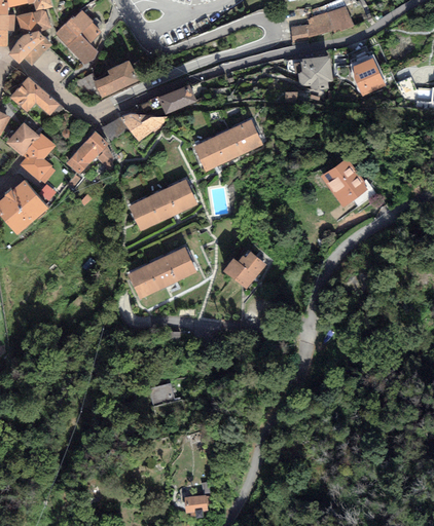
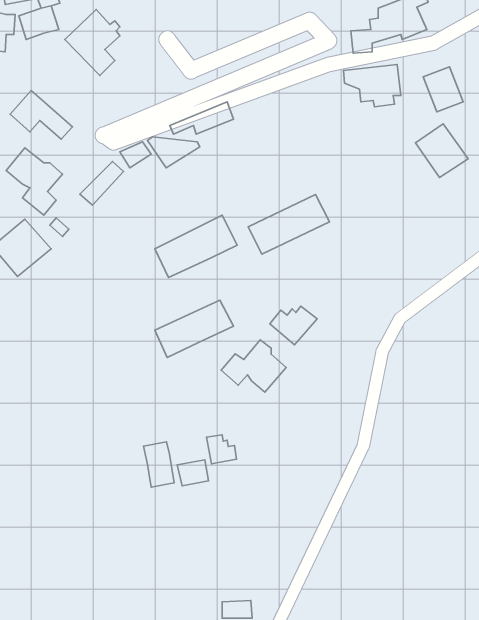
building: [6,29,51,65] -> none
building: [95,59,138,96] -> none
building: [194,120,261,170] -> [248,194,329,254]
building: [323,159,366,203] -> [416,124,468,178]
building: none -> [221,340,286,392]
building: none -> [207,435,237,464]
building: none -> [143,442,174,487]

